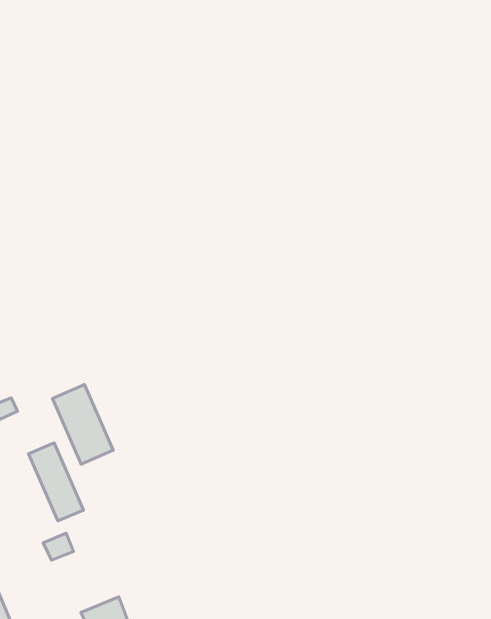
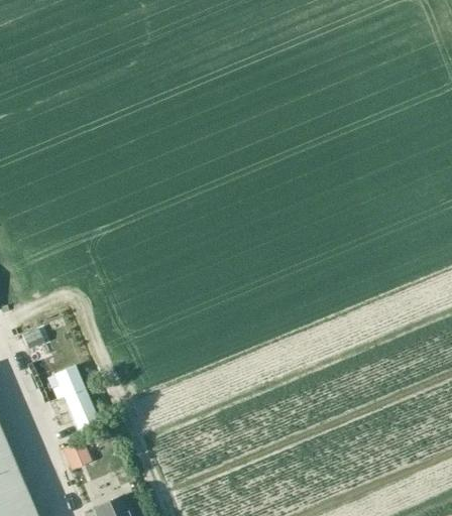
building: [53,385,113,464] -> none

